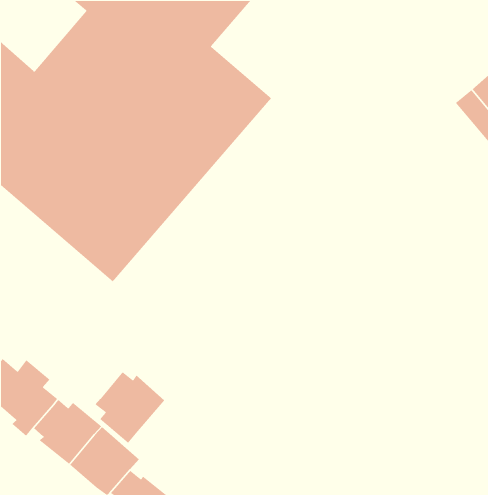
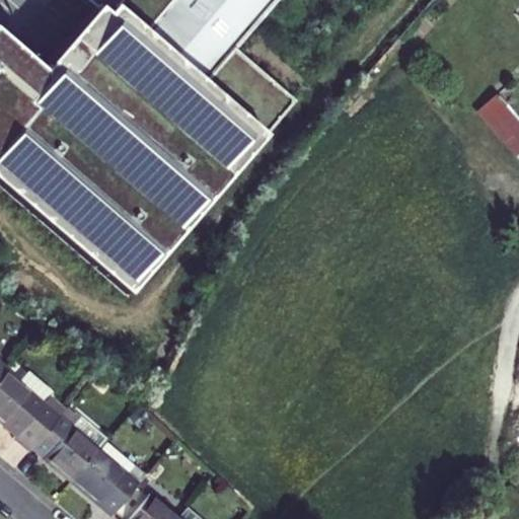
building: [95,371,165,444] -> none

